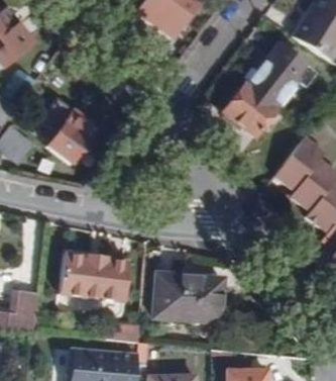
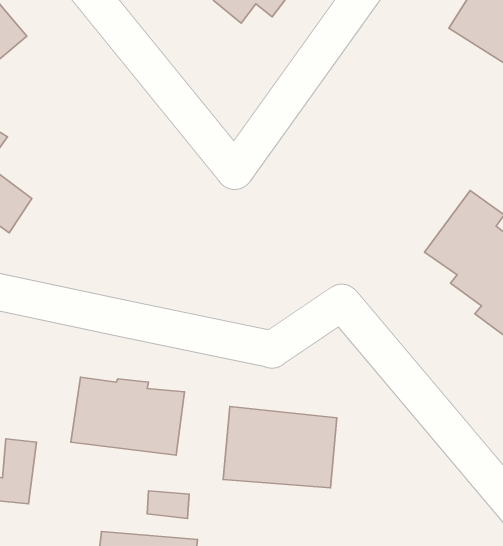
building: [223,43,317,135] -> none
building: [48,107,94,164] -> none

